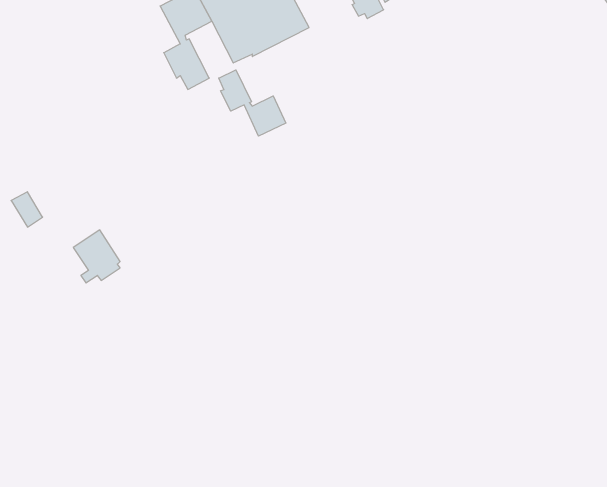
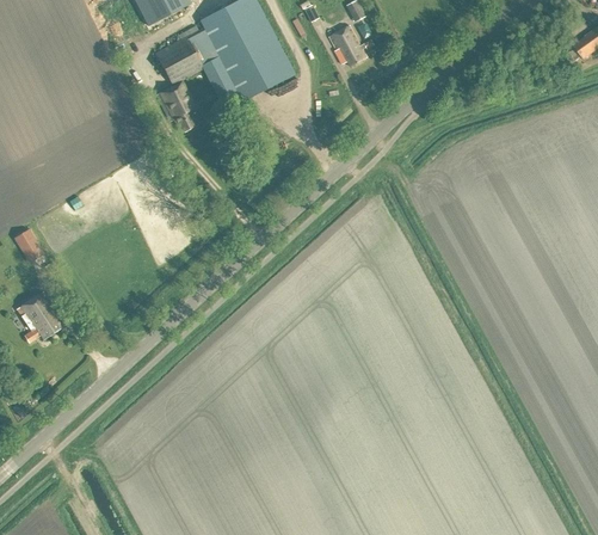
building: [219,70,286,136] -> none
building: [73,230,120,283] -> [17,291,61,342]

